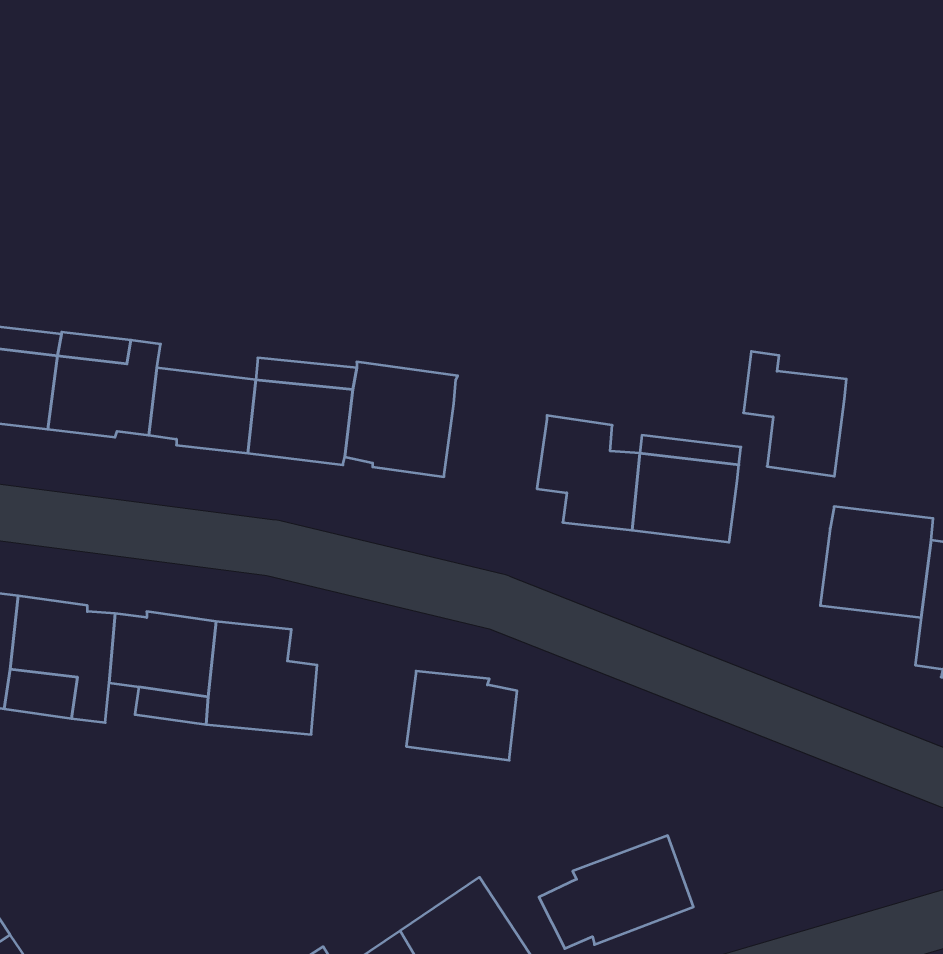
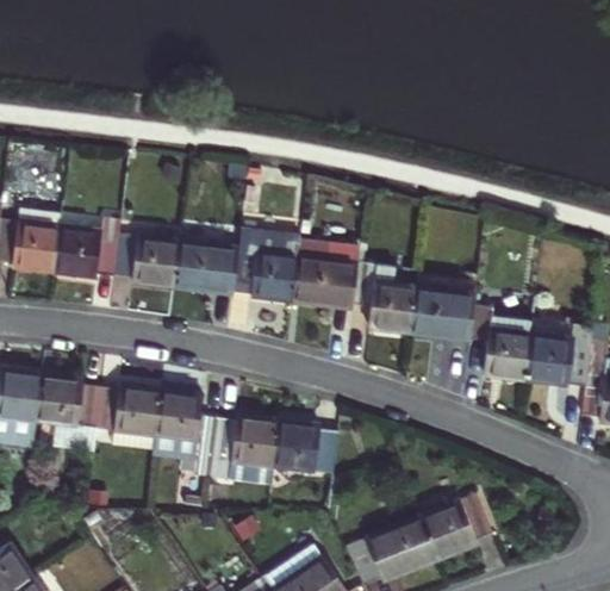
building: [743,351,846,476] -> [461,304,523,379]
building: none -> [290,243,353,309]
building: none -> [207,413,273,480]
building: none -> [424,496,496,560]

